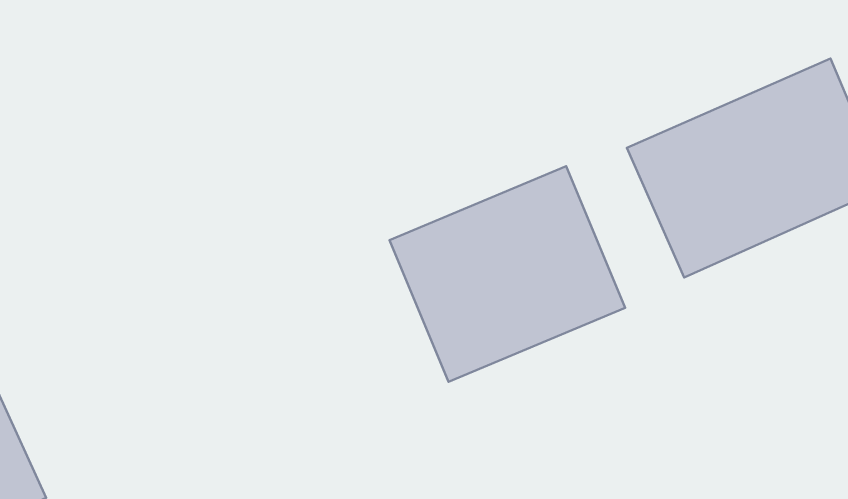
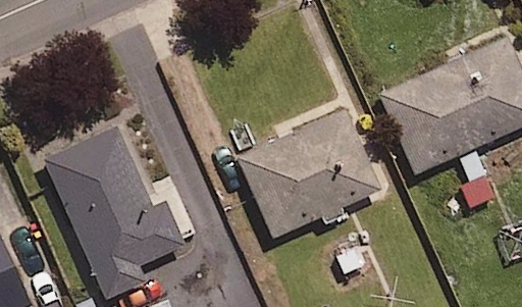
building: none -> [44,125,185,299]

